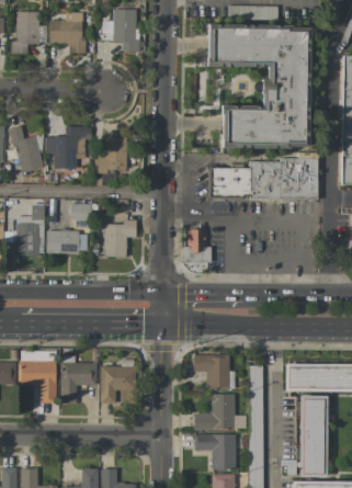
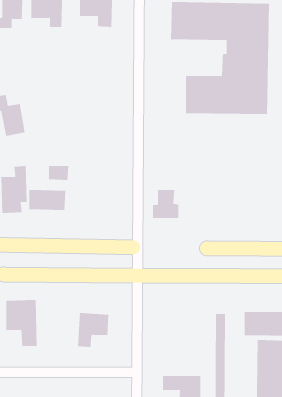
building: [45,126,90,169] -> none
building: [94,137,127,174] -> none
building: [208,159,318,198] -> none
building: [104,219,136,257] -> none
building: [192,354,229,388] -> none
building: [61,362,98,401] -> none
building: [193,394,246,430] -> none

